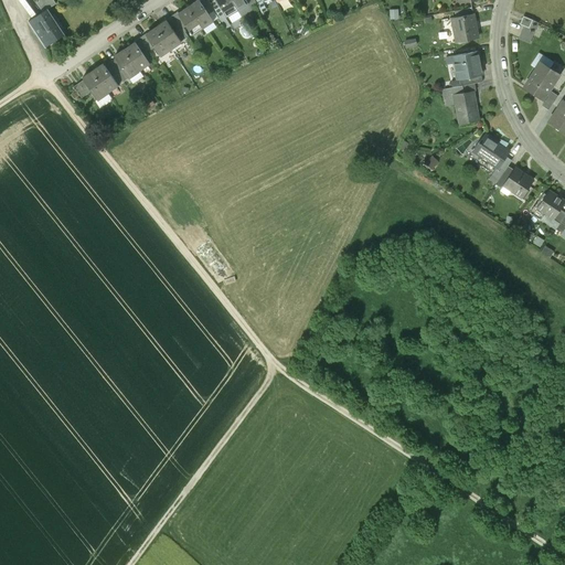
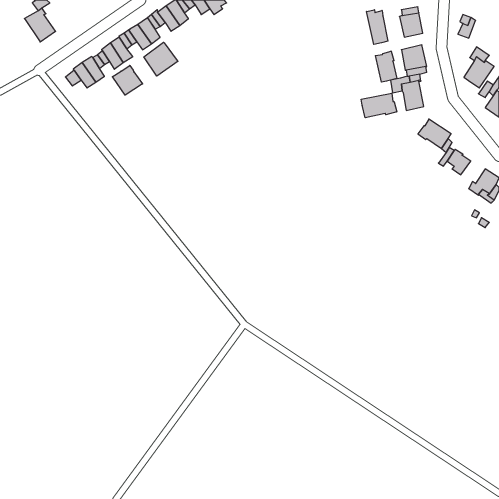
building: none -> [367,10,388,44]
building: none -> [144,42,178,76]
building: none -> [375,51,397,82]
building: none -> [112,65,143,95]
building: none -> [361,93,397,118]

